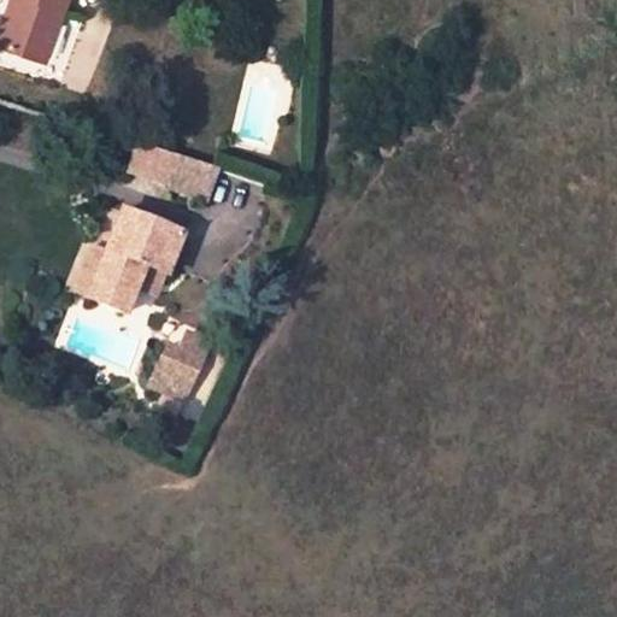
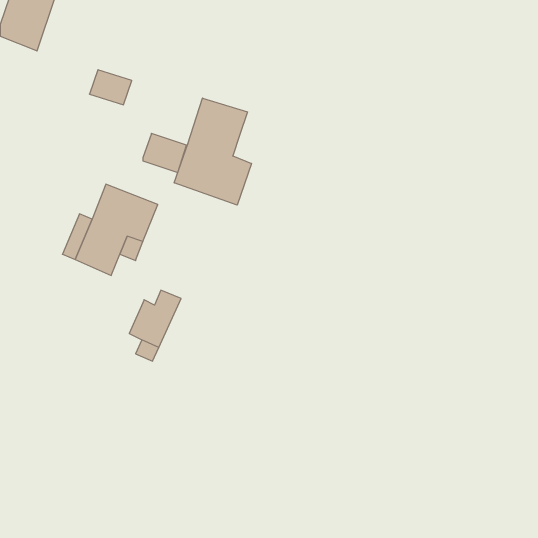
building: none -> [174,98,251,205]
building: [128,140,176,180] -> [89,70,132,105]

